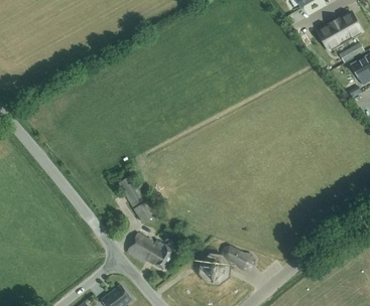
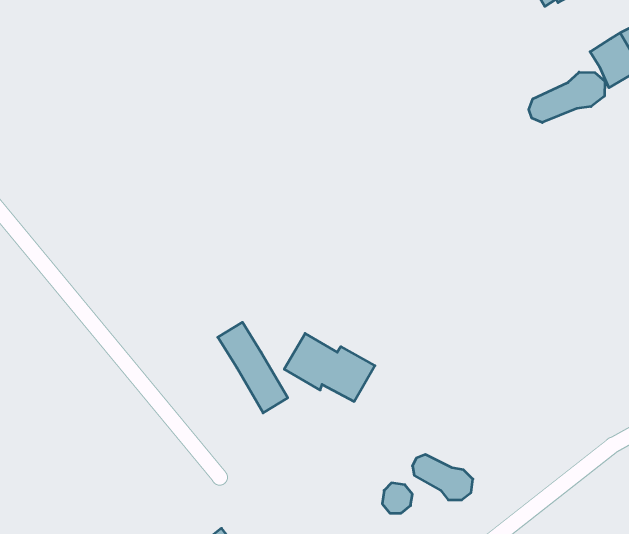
building: none -> [529,72,605,123]
building: [127,233,175,269] -> [284,333,375,401]

